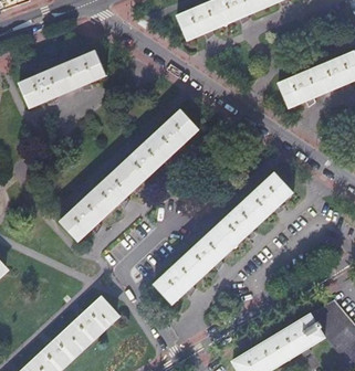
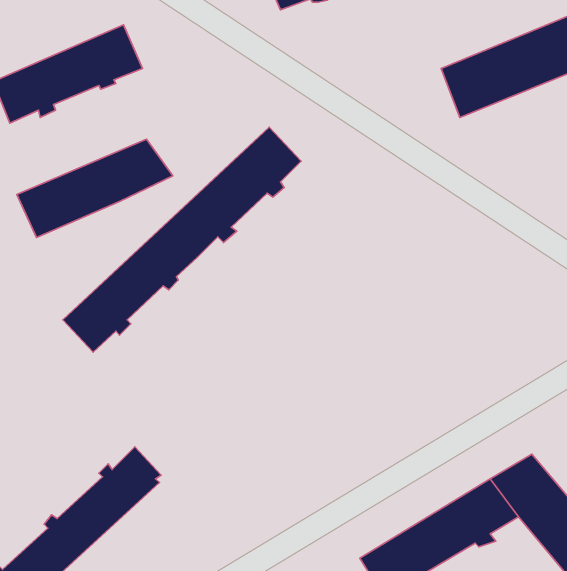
building: none -> [17,139,173,237]
building: [153,172,292,304] -> none

